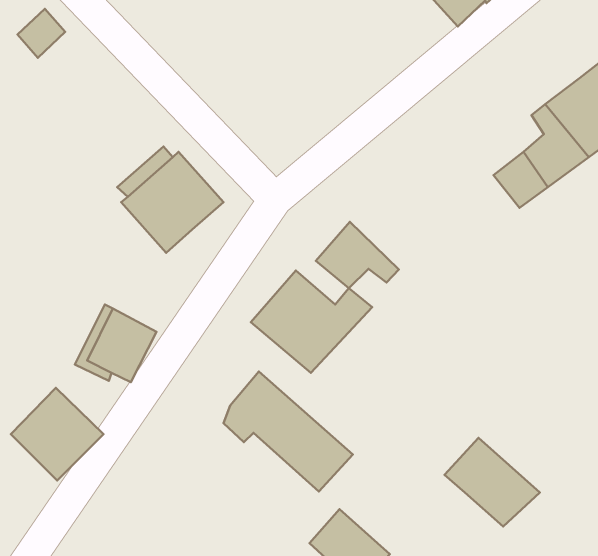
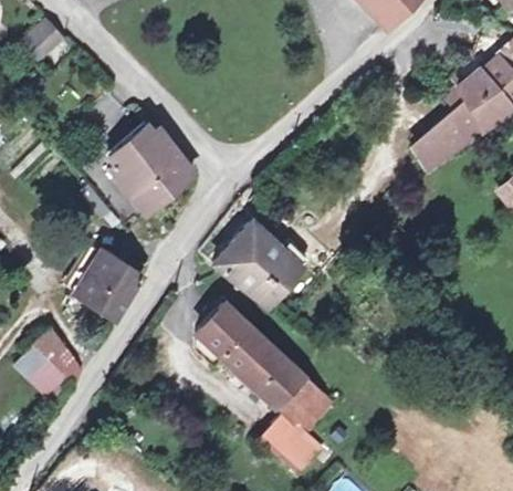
building: [316,222,399,288] -> none
building: [445,438,540,527] -> [270,372,347,443]

